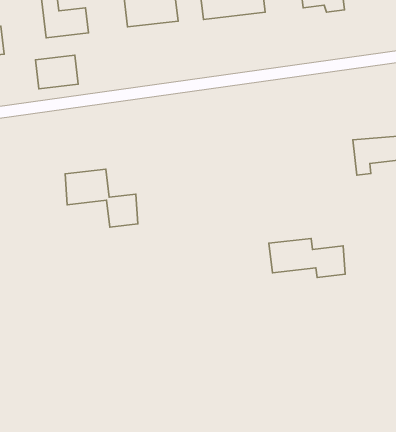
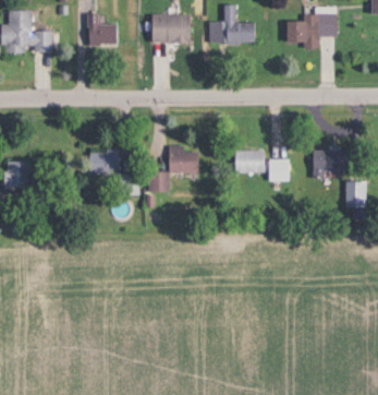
building: [36,55,78,89] -> none
building: none -> [149,145,197,191]
building: [269,238,345,278] -> [234,149,291,180]

